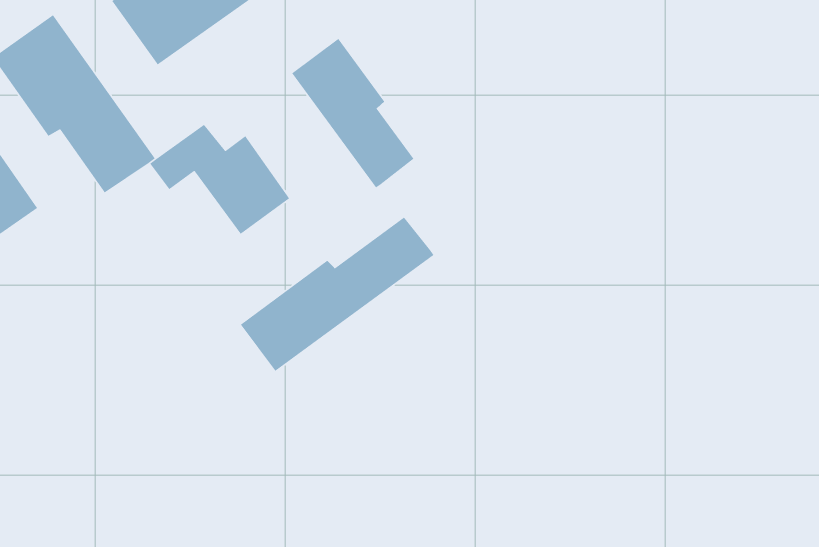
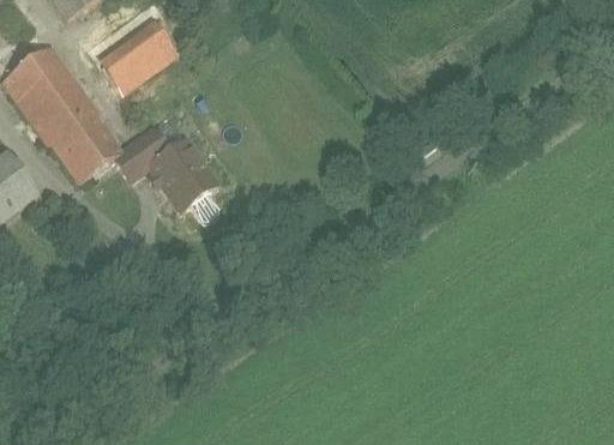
building: [291,38,414,189] -> none
building: [240,217,434,372] -> none

